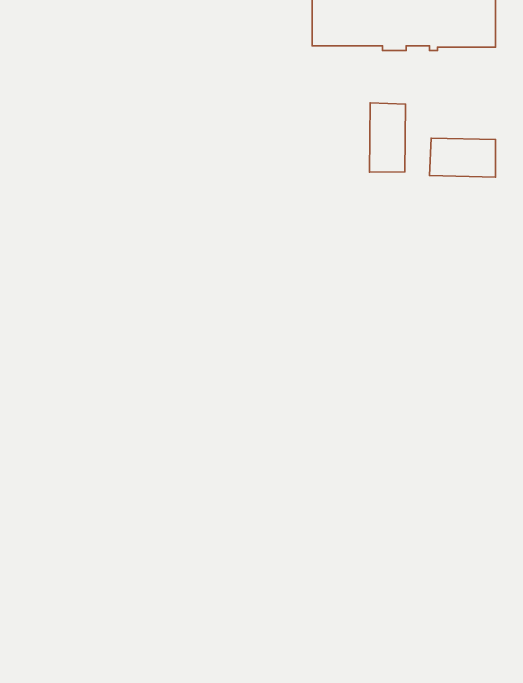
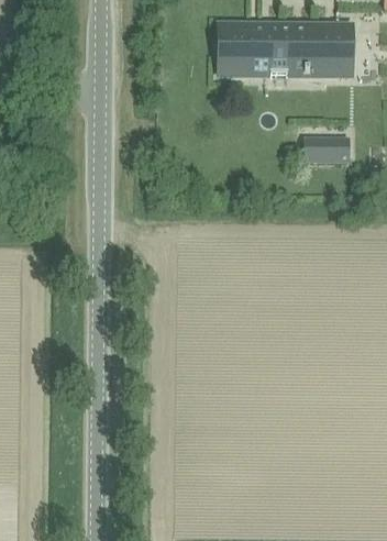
building: [370,103,406,172] -> none

